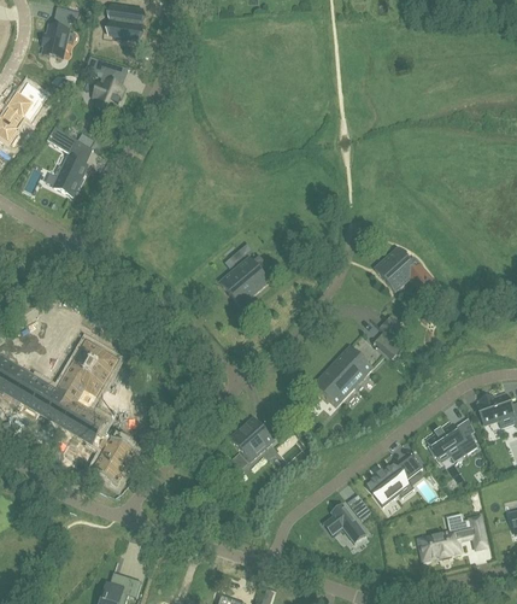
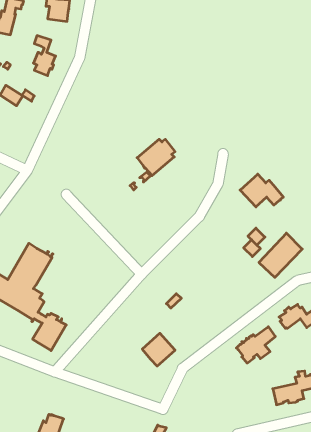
building: [52,156,87,195] -> none
building: [218,256,270,305] -> [137,139,175,176]
building: [312,345,371,405] -> [259,233,302,277]
building: [229,416,274,461] -> [142,333,175,366]
building: [322,502,365,543] -> none

